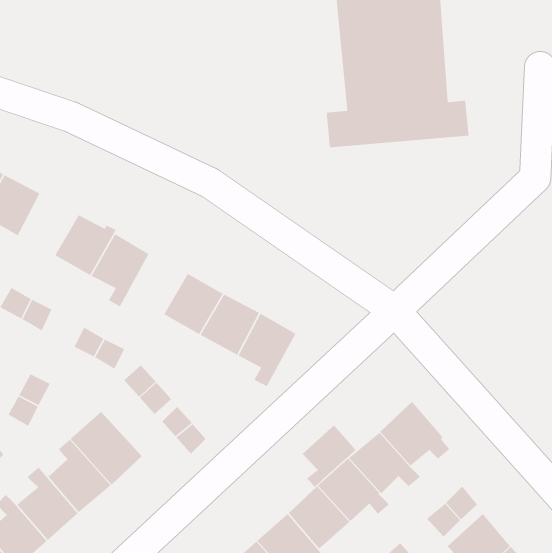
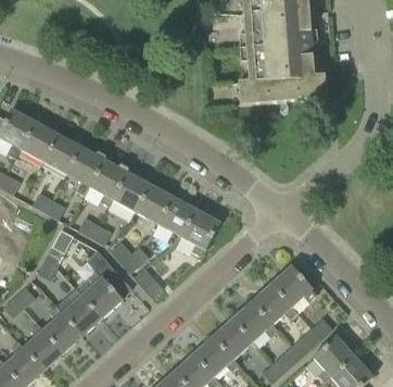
building: none -> [43,134,80,173]
building: none -> [112,172,150,210]
building: [302,424,356,488] -> none

